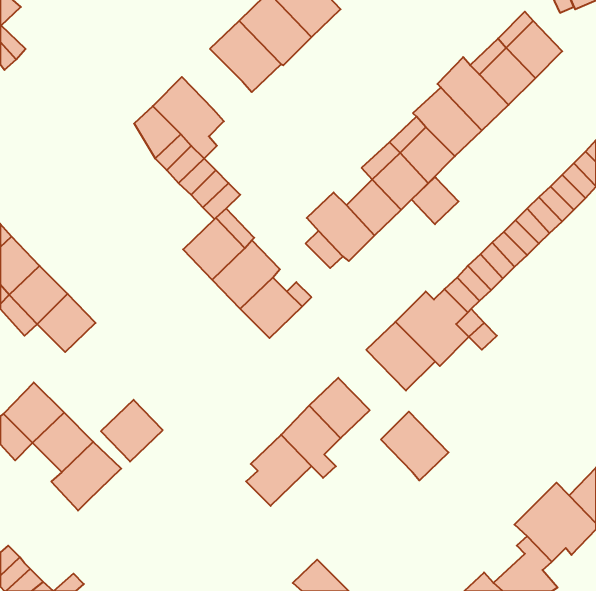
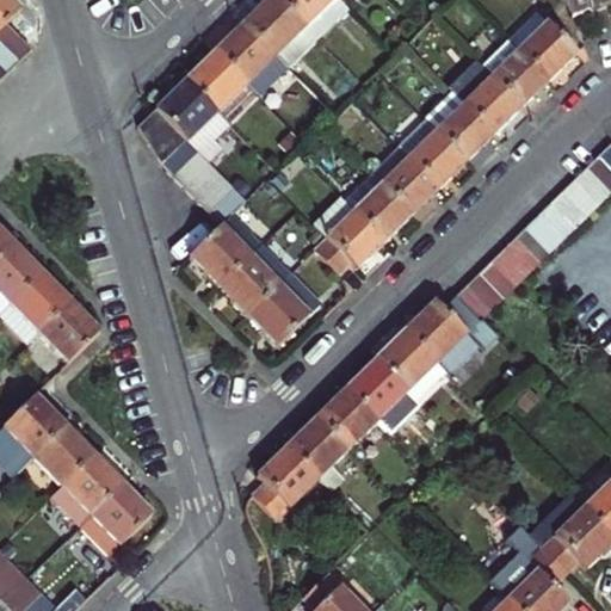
building: none -> [186,50,248,112]
building: [411,177,459,224] -> none
building: [101,400,163,462] -> [91,480,154,543]
building: [381,412,449,480] -> [346,358,415,428]

